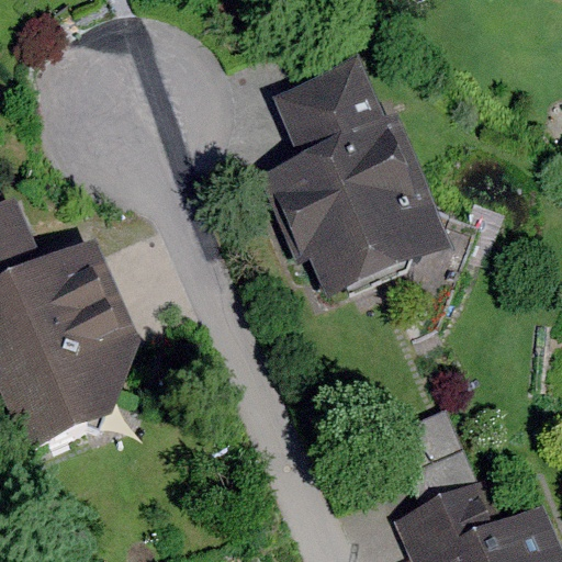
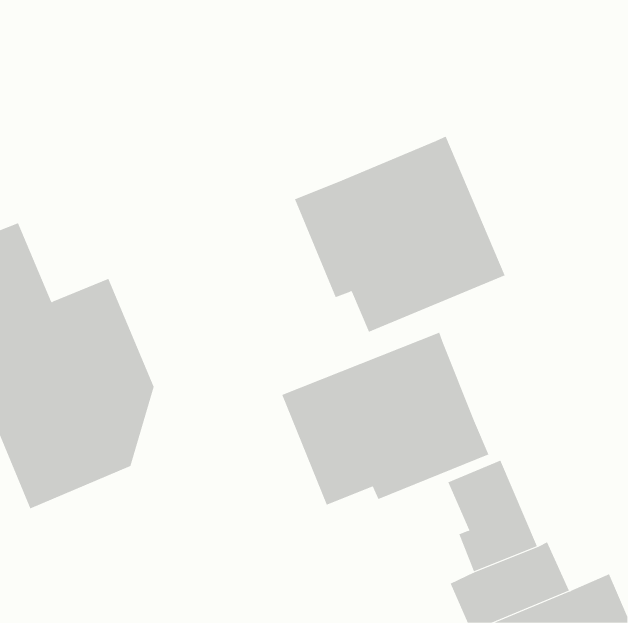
building: [272,60,386,161] -> none
building: none -> [282,332,489,506]

